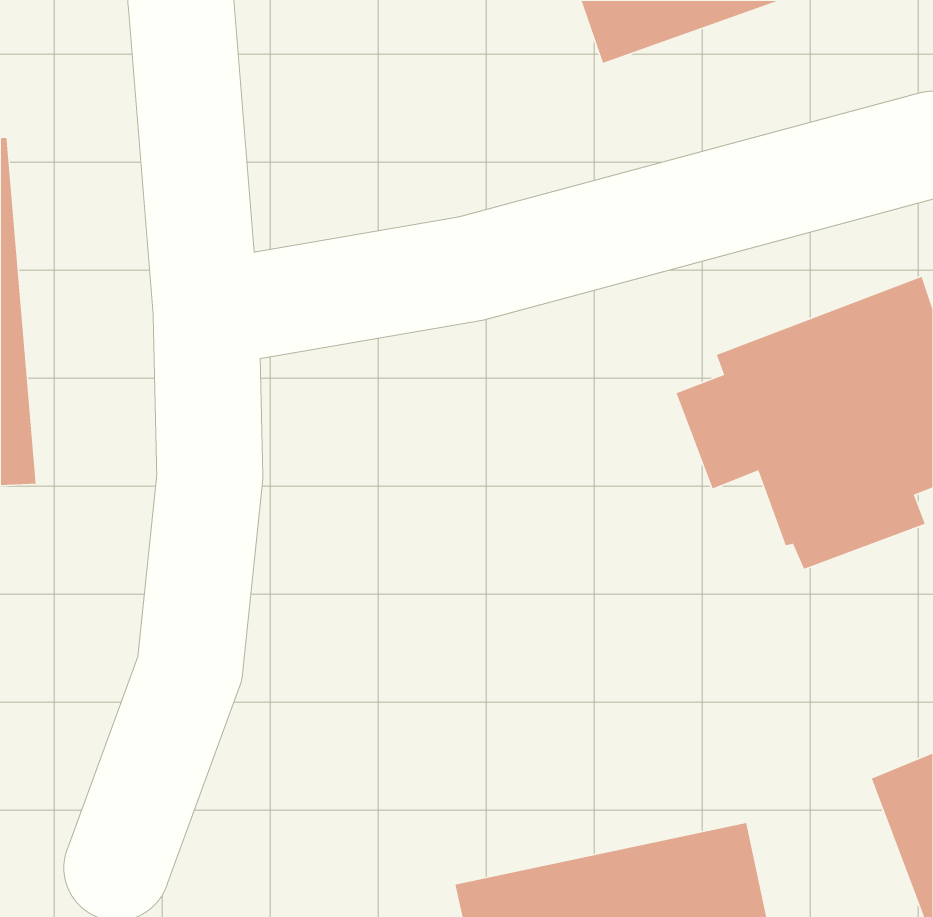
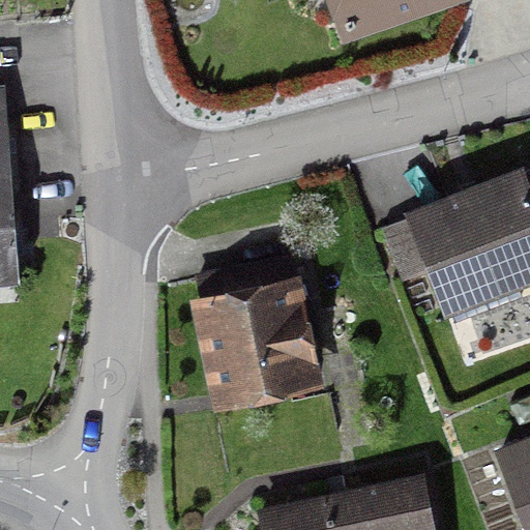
building: none -> [190,257,325,412]

